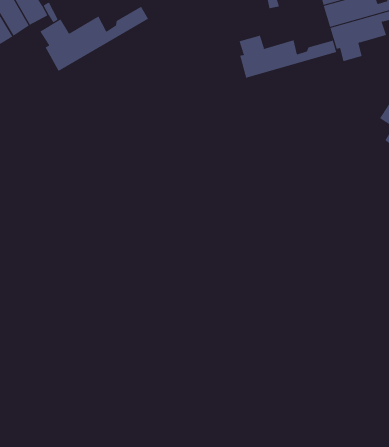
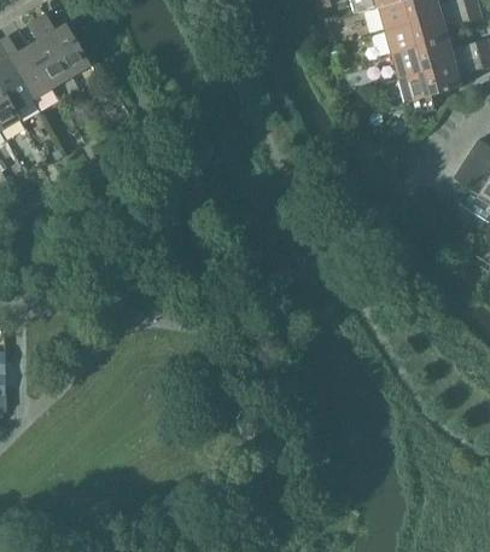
building: [39,6,149,72] -> none
building: [239,35,337,78] -> none

